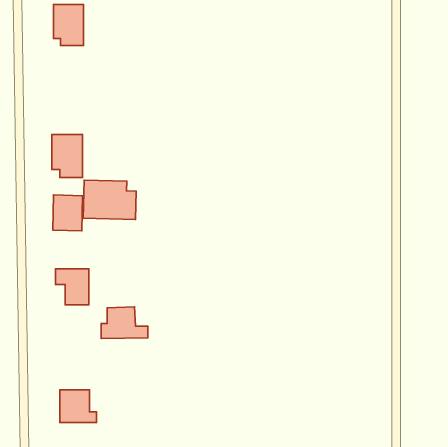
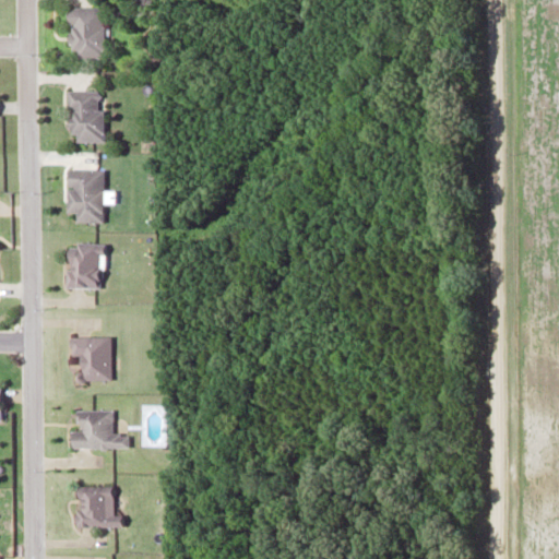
building: none -> [68,91,104,143]
building: [83,180,136,220] -> none
building: [101,307,148,339] -> [71,409,129,449]

